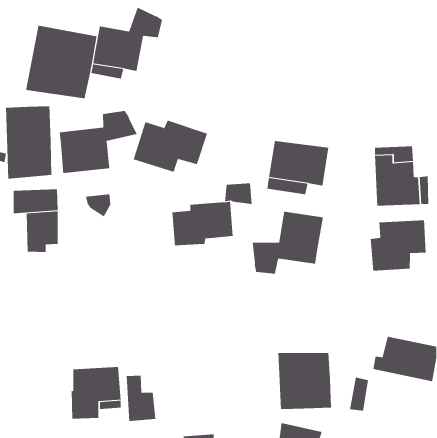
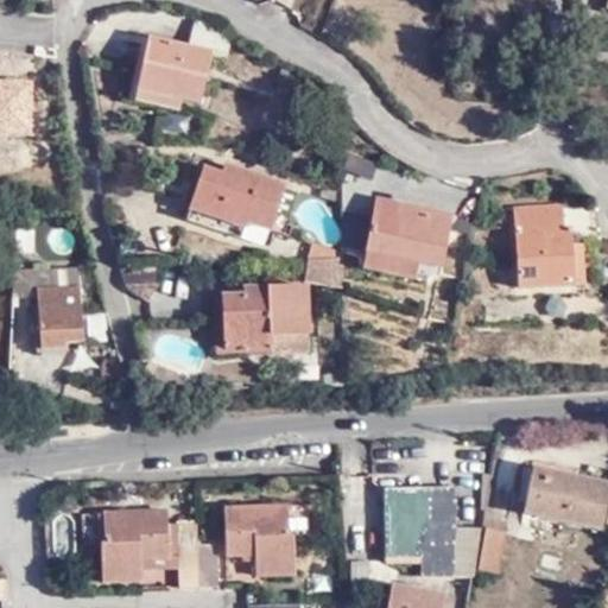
building: [25,25,97,99] -> none
building: [5,105,52,179] -> none
building: [59,110,137,174] -> none
building: [252,211,323,275] -> none
building: [370,220,426,271] -> none
building: none -> [222,502,292,572]
building: none -> [420,526,481,577]

